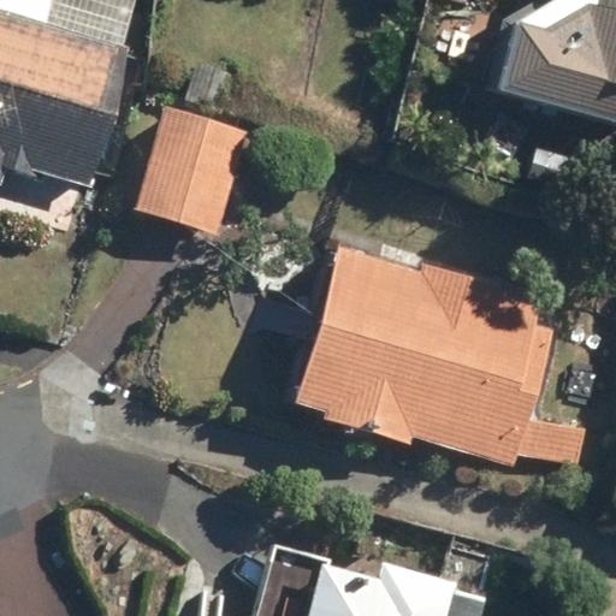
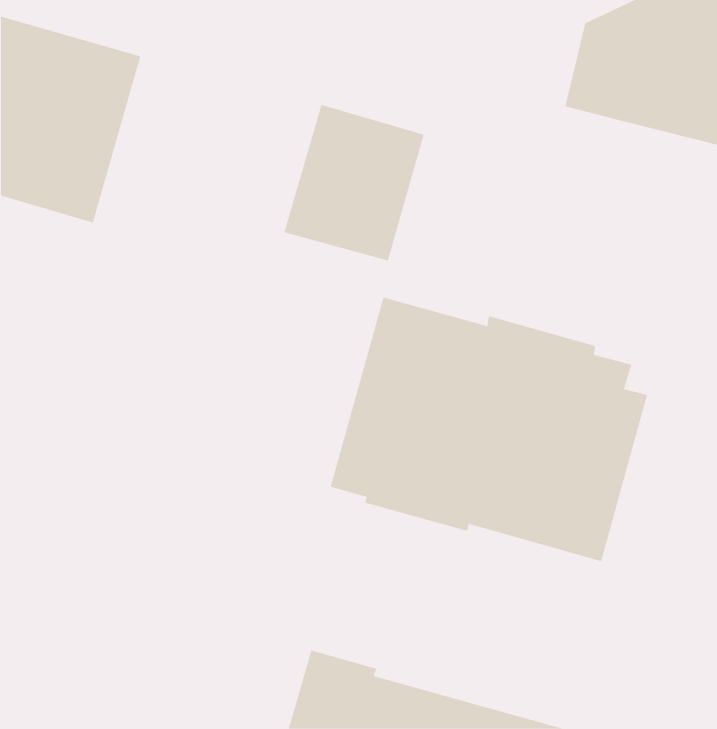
building: [135,103,253,235] -> [283,104,425,261]

